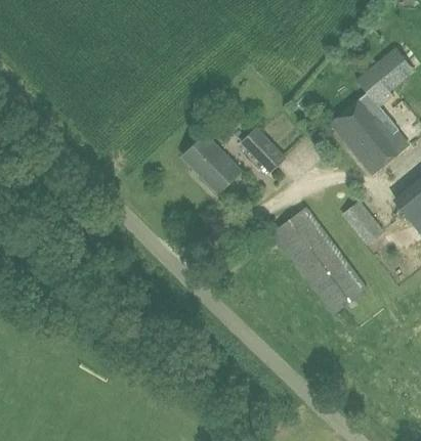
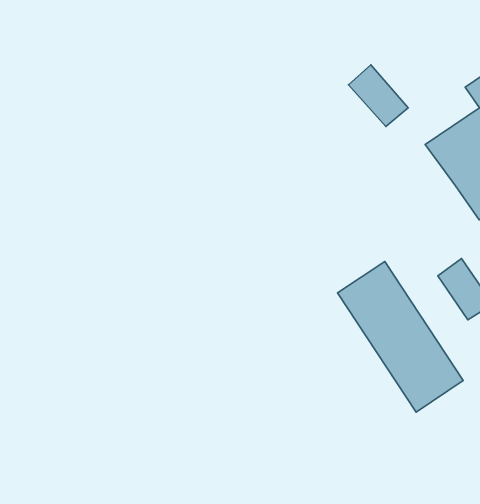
building: [241,128,285,172] -> [349,65,408,127]
building: [181,135,241,194] -> none

